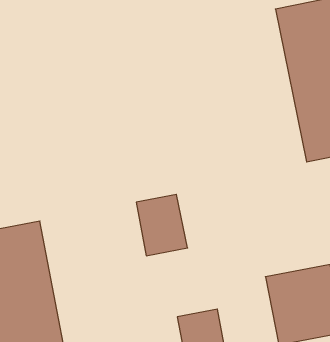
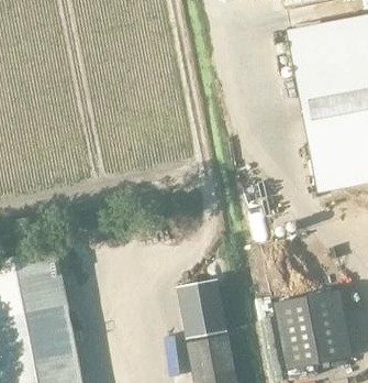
building: [136,194,188,256] -> [178,278,228,339]

